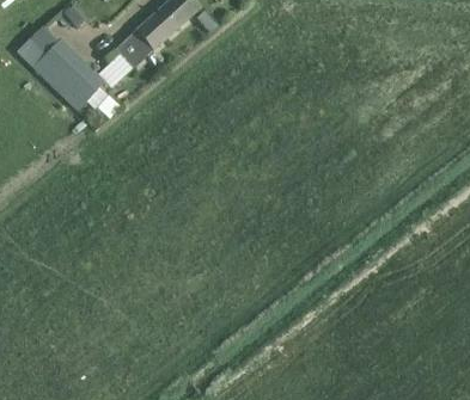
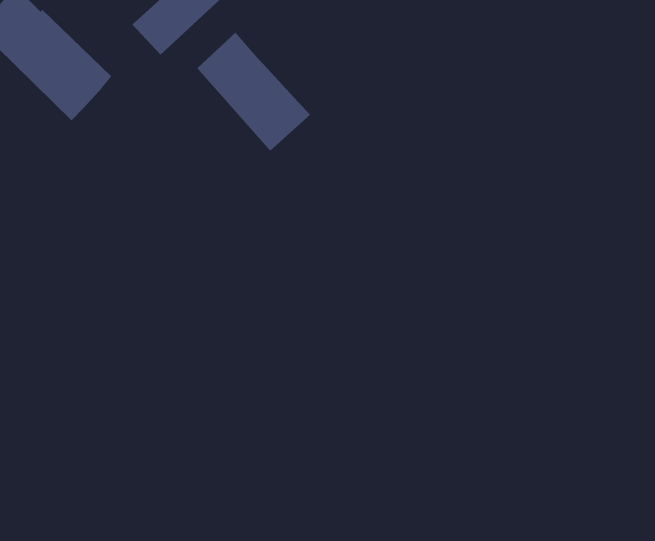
building: none -> [196,32,311,151]

